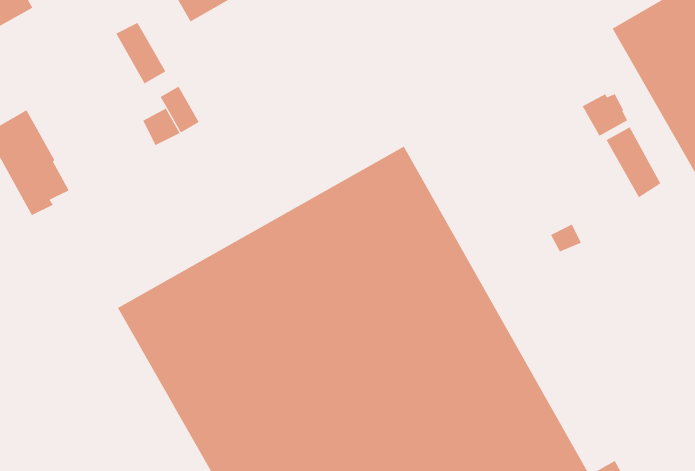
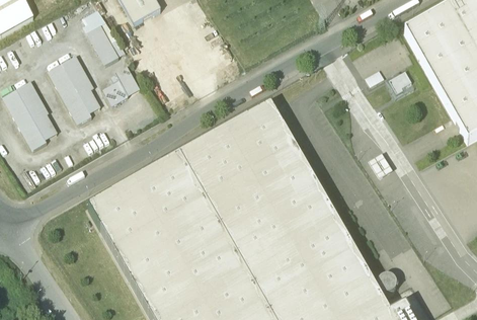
building: none -> [48,58,99,126]
building: [606,126,661,198] -> none

